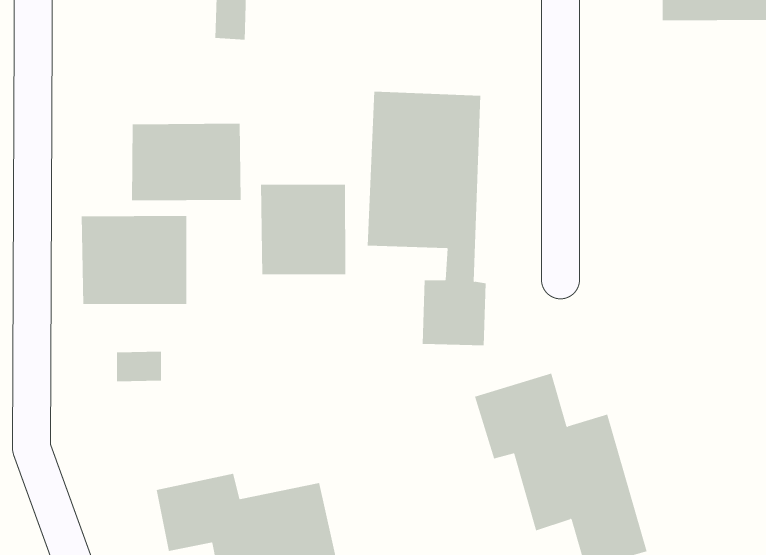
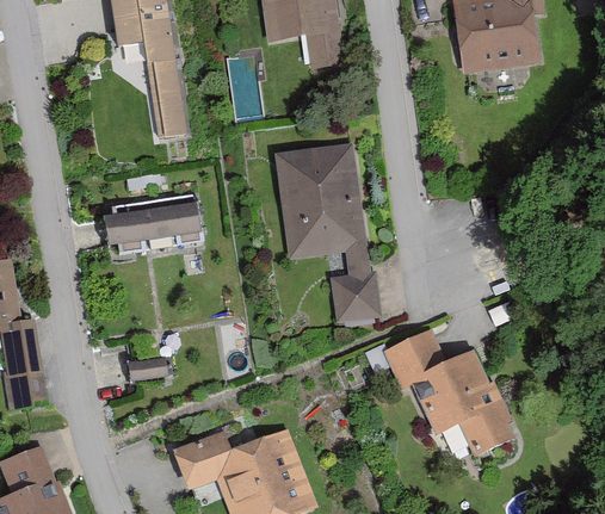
building: [260,184,346,275] -> none
building: [81,215,187,305] -> none

